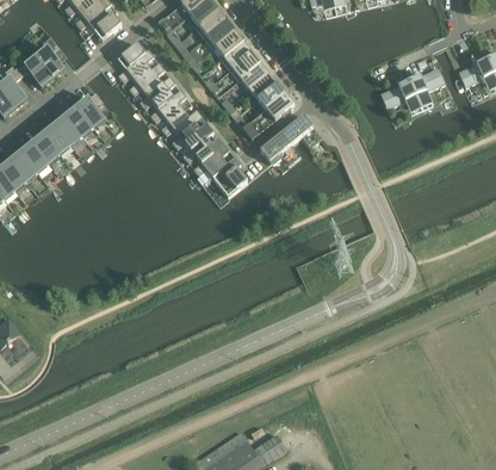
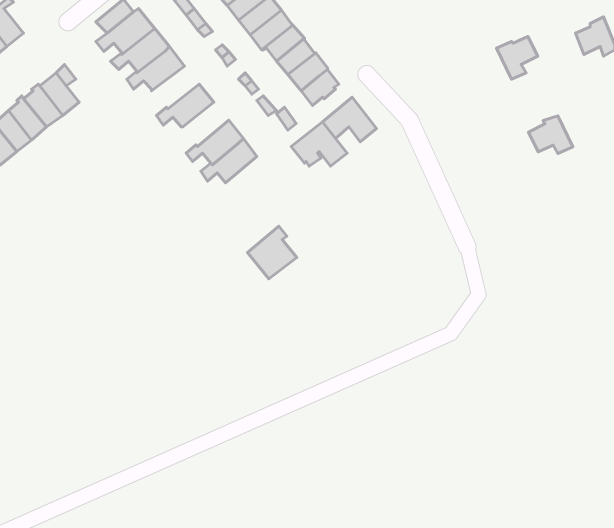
building: [386,78,418,105] -> [528,116,573,153]
building: [150,91,192,122] -> none
building: [172,117,213,149] -> none
building: [211,156,247,194] -> [248,226,297,279]

